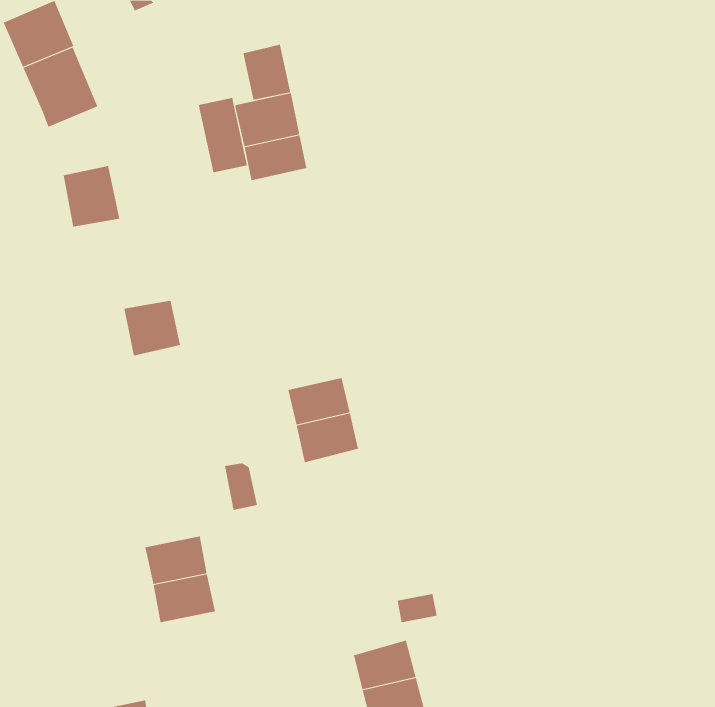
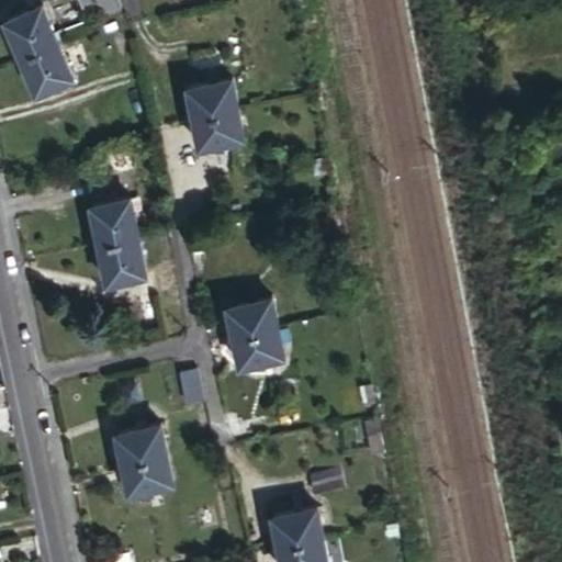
building: [243,44,291,101] -> none
building: [198,97,247,173] -> none
building: [63,165,120,227] -> [89,201,134,249]

